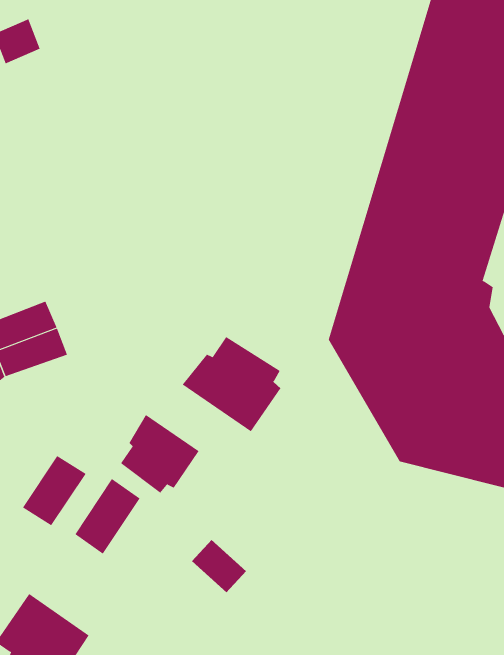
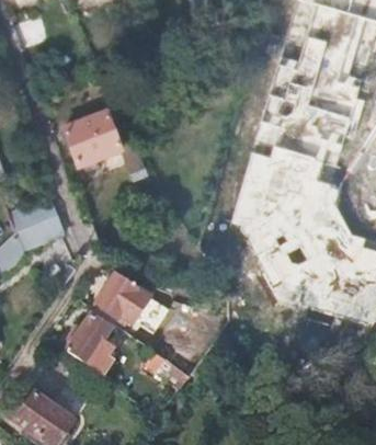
building: none -> [65,107,129,166]
building: [182,336,281,432] -> none
building: [22,455,86,526] -> none

